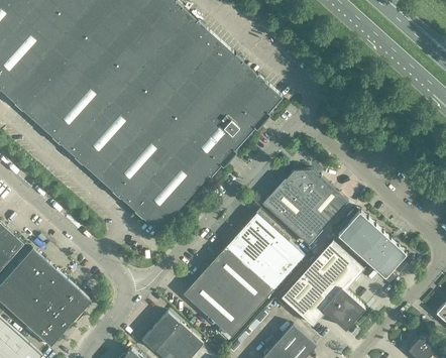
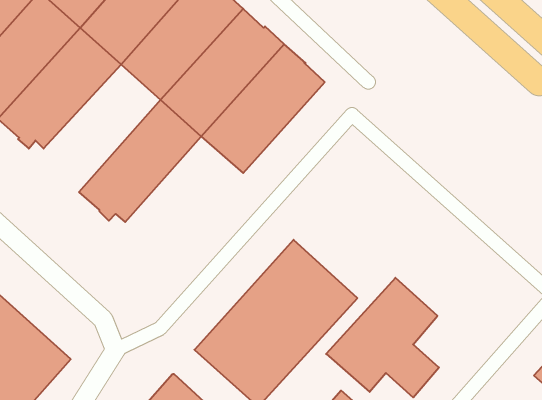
building: [71,83,157,177] -> none
building: [131,136,219,230] -> none
building: [262,168,347,245] -> none
building: [339,211,404,273] -> none

